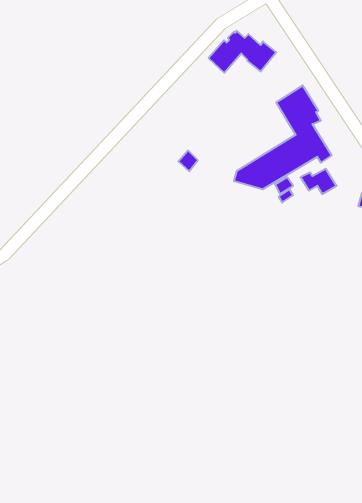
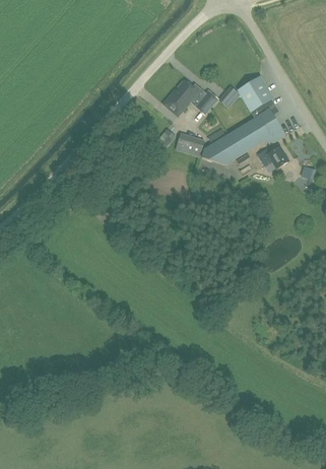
building: [209,31,276,73] -> [161,80,218,116]
building: none -> [176,133,204,155]

